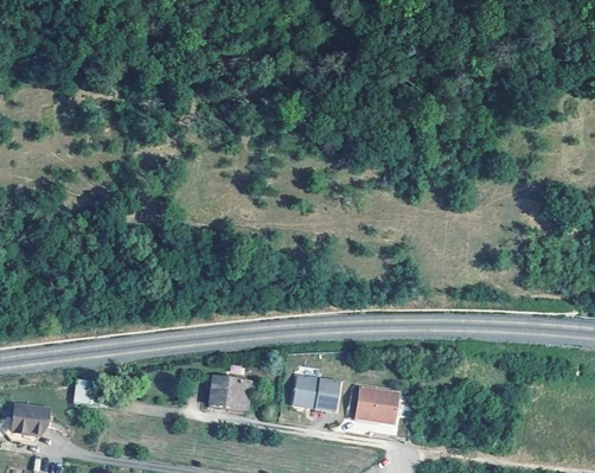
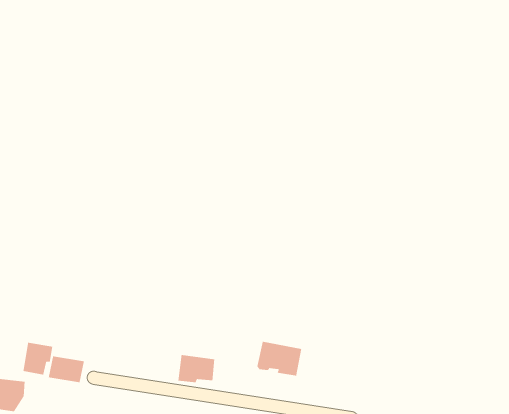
building: none -> [23,342,53,376]
building: [354,388,397,422] -> none

